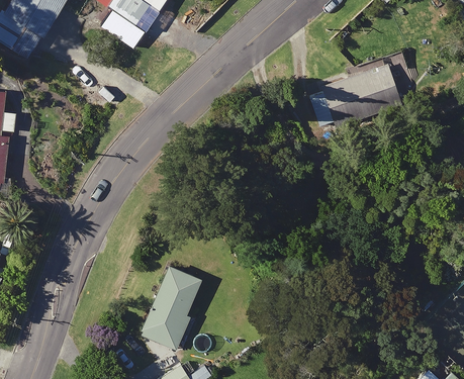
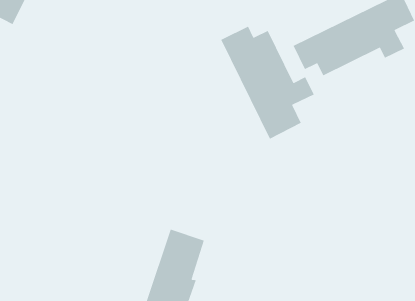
building: none -> [220,25,315,140]

